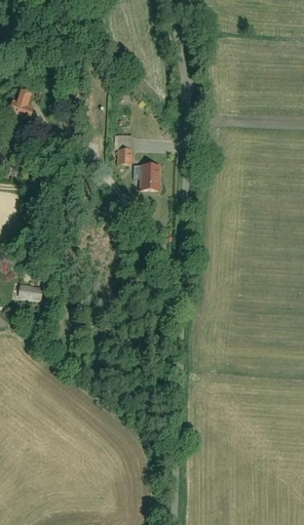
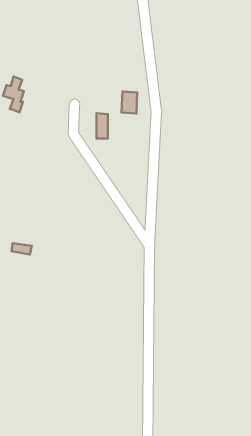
building: [141,164,159,190] -> [122,92,137,113]

